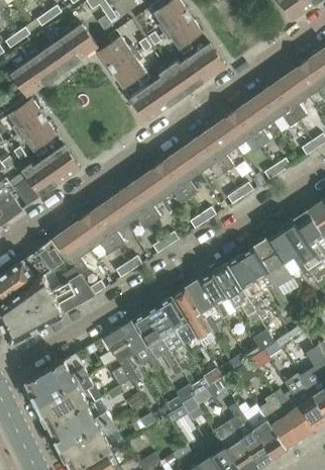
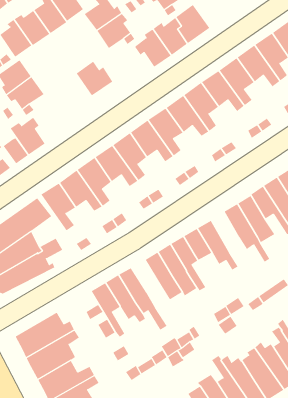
building: [130,86,169,122] -> [76,61,113,96]
building: [45,146,81,185] -> none
building: [227,255,266,316] -> none
building: [145,304,185,354] -> none

